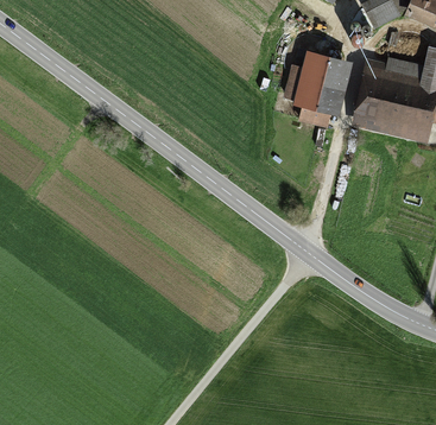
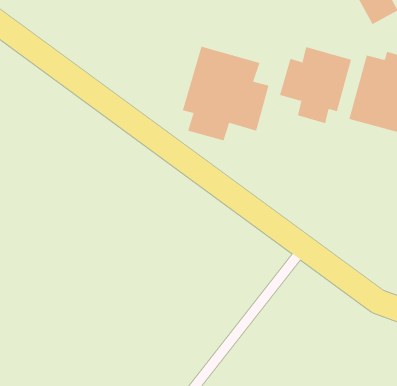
building: none -> [182,46,269,141]

